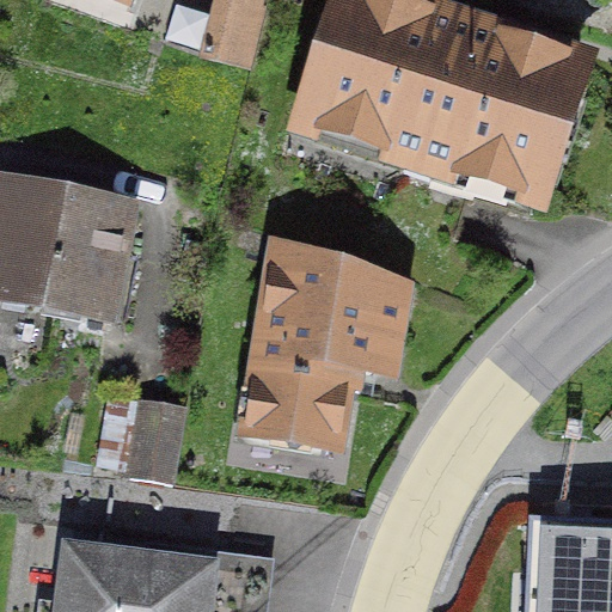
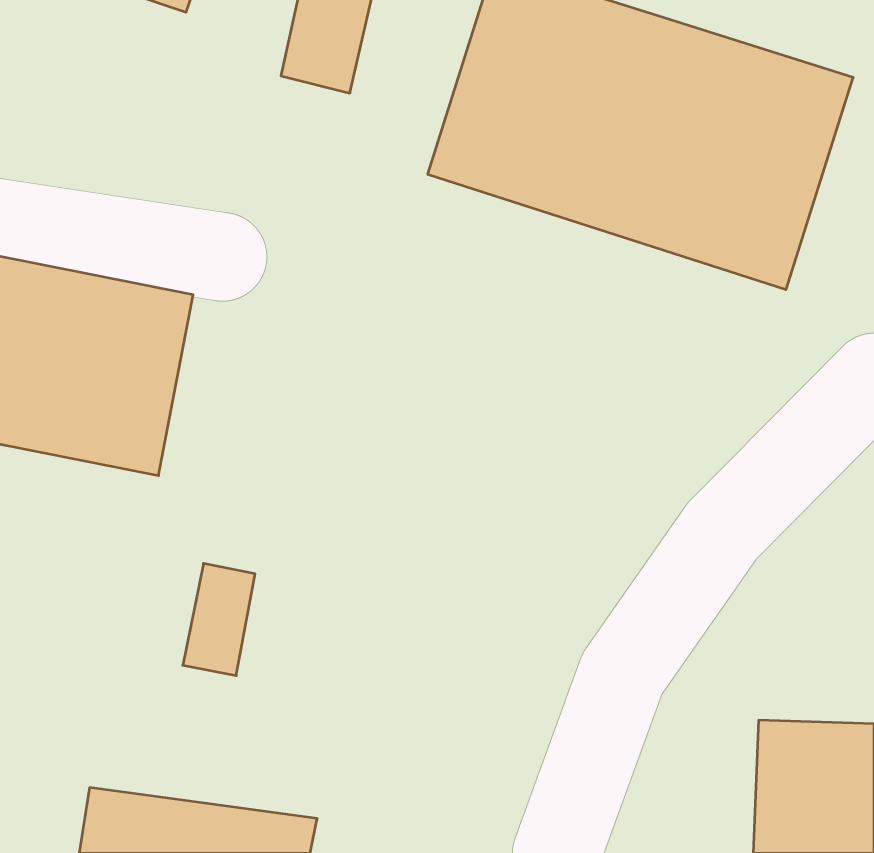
building: [237,247,421,454] -> none

